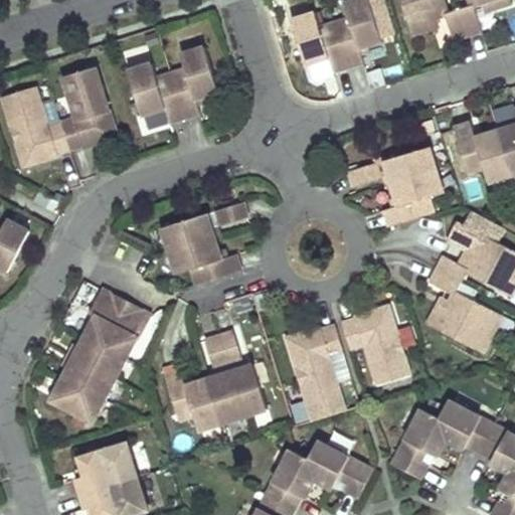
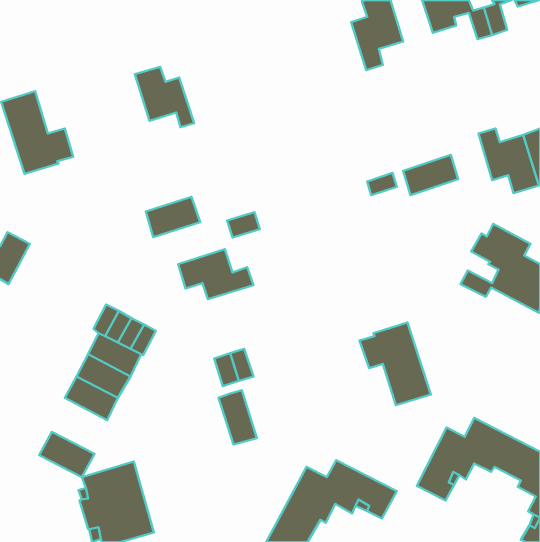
building: [291,11,347,71] -> none
building: [170,45,219,117] -> none
building: [61,67,116,149] -> none
building: [383,170,442,227] -> none
building: [162,212,213,250] -> [146,197,200,237]
building: [425,270,501,353] -> none
building: [285,326,343,420] -> none
building: [229,362,267,415] -> none
building: [163,370,221,428] -> none
building: [49,377,102,420] -> [39,432,94,477]

